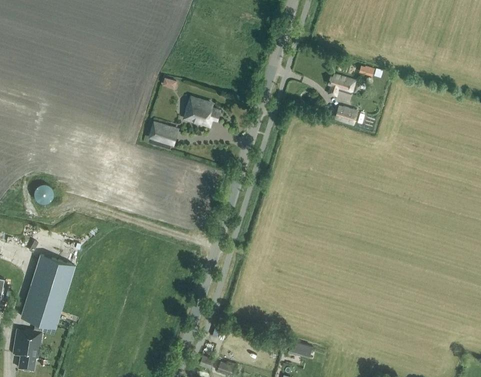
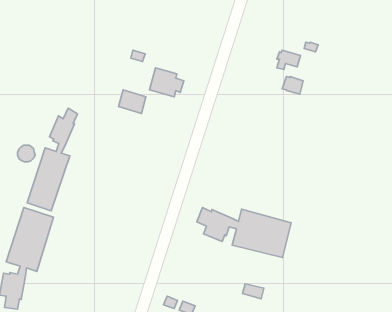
building: none -> [27,108,78,211]
building: none -> [197,208,291,258]

